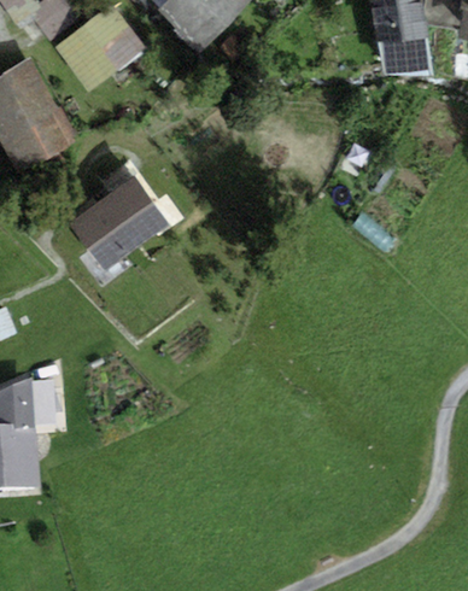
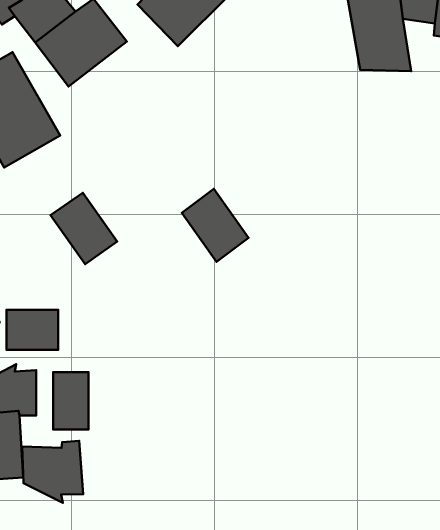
building: [100,175,168,248] -> [182,189,248,262]
building: none -> [6,310,58,350]
building: none -> [53,372,88,430]
building: none -> [22,441,83,503]

